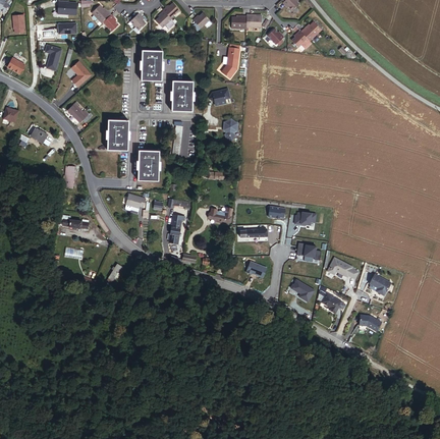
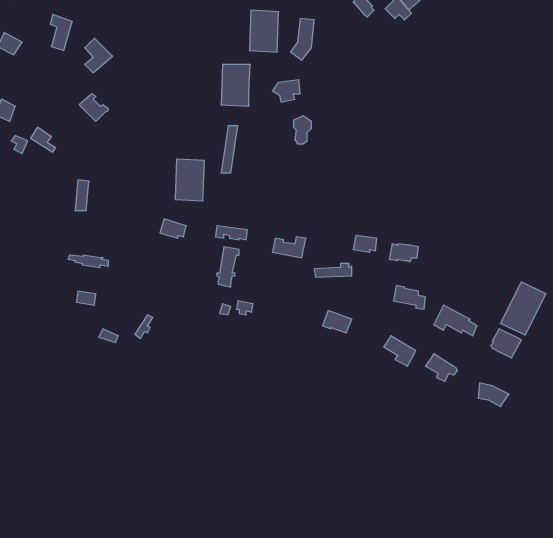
building: [141,50,162,80] -> [249,10,279,52]
building: [107,119,128,150] -> none
building: none -> [501,282,546,335]

